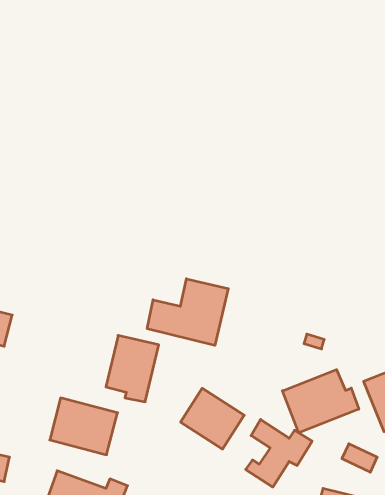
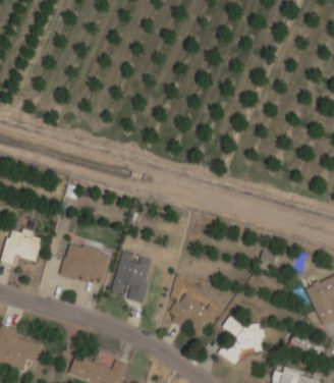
building: [147,279,228,345] -> none
building: [282,370,359,433] -> none
building: [50,398,118,455] -> [61,242,112,285]

